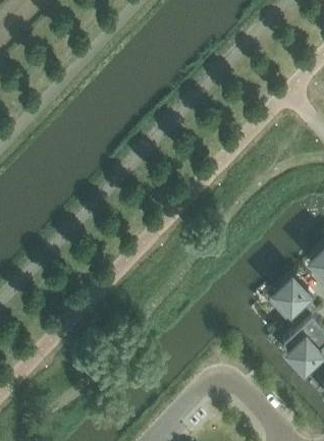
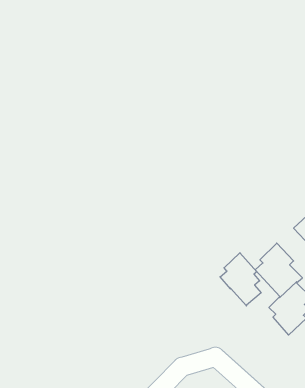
building: none -> [220,253,261,306]

